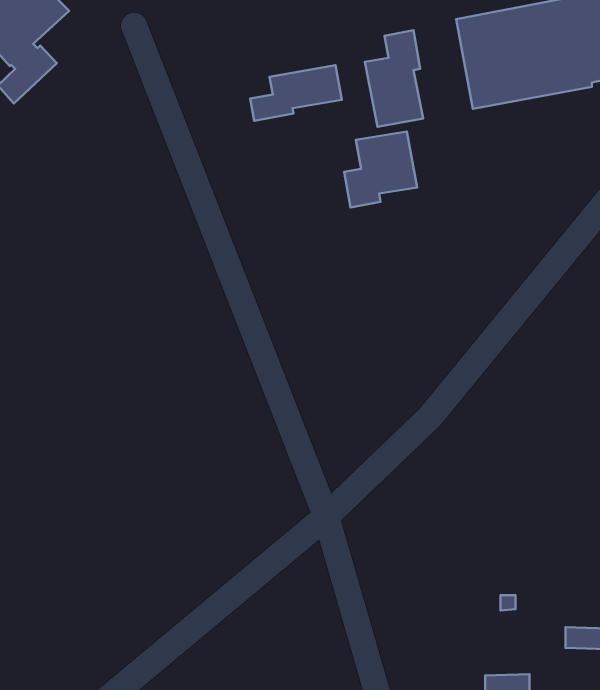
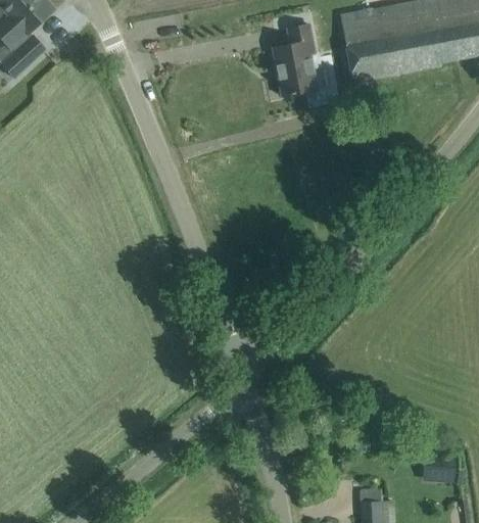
building: [250,65,342,121] -> none
building: [344,132,417,208] -> none

